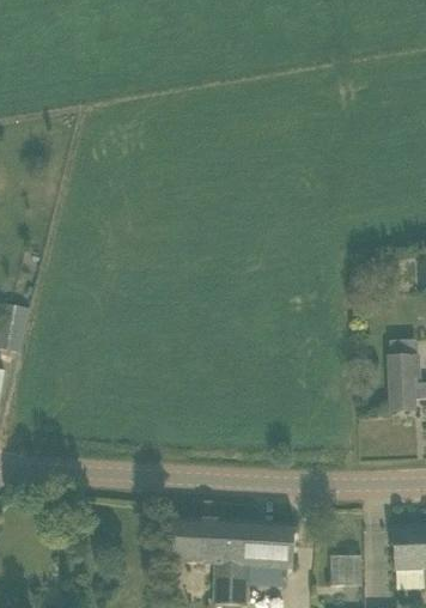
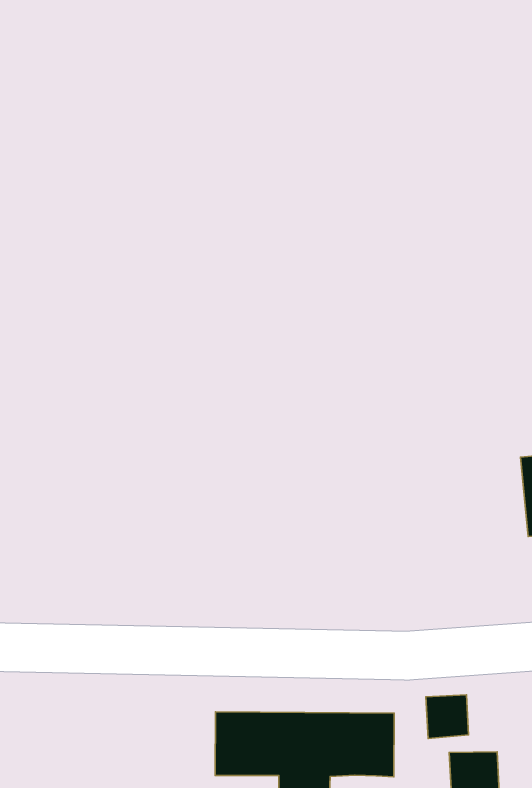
building: none -> [426,695,469,739]

